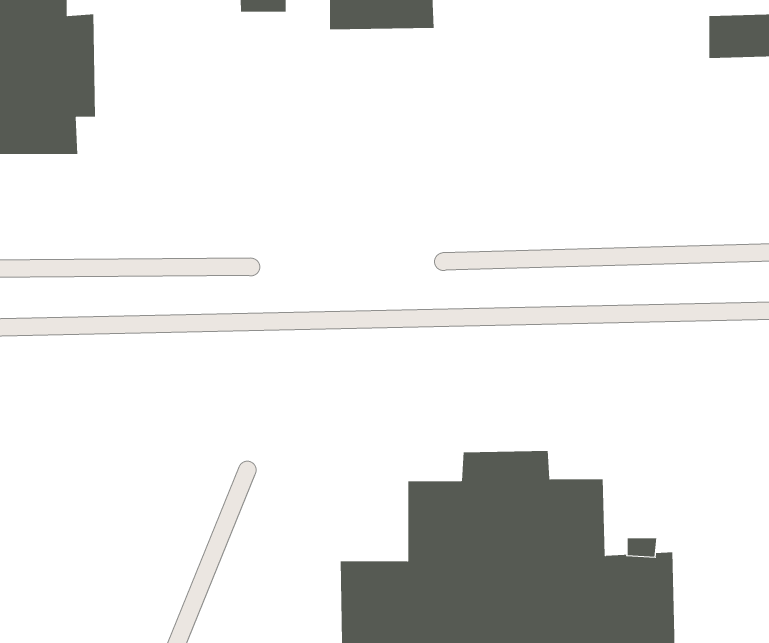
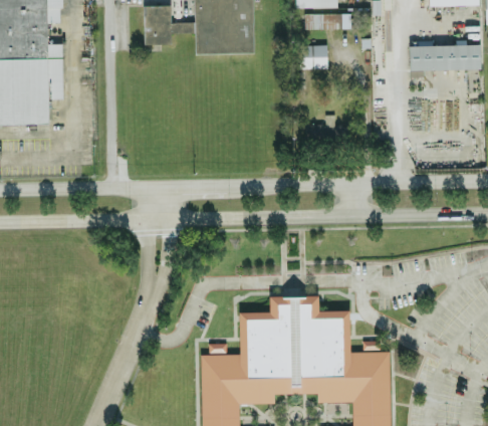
building: none -> [295,44,327,68]

